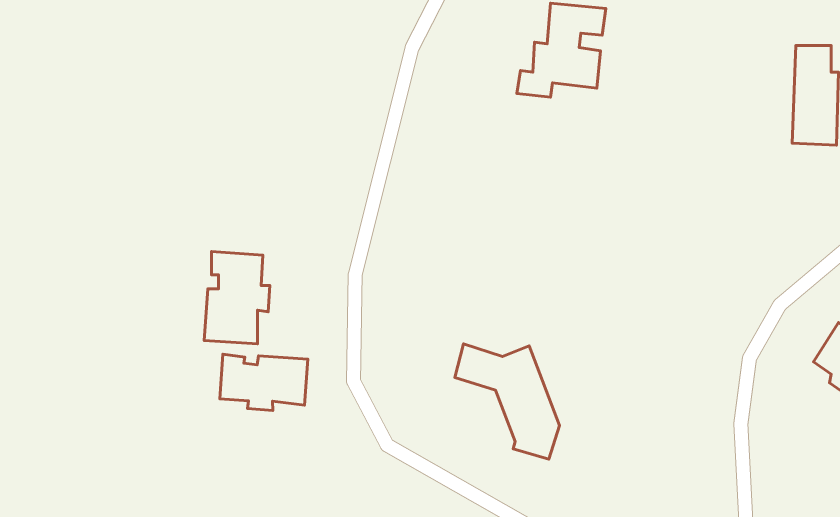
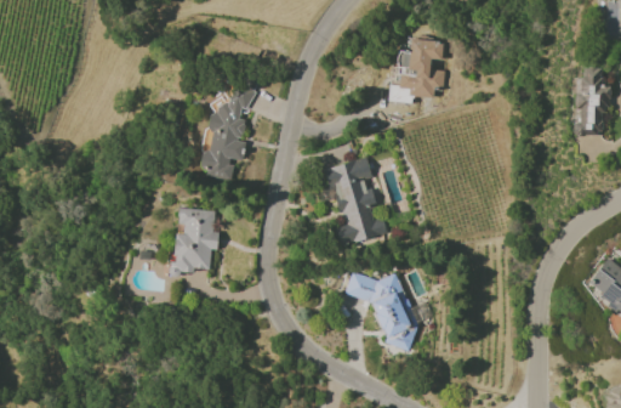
building: none -> [201,78,257,181]
building: none -> [325,158,388,246]
building: [220,354,308,410] -> none

